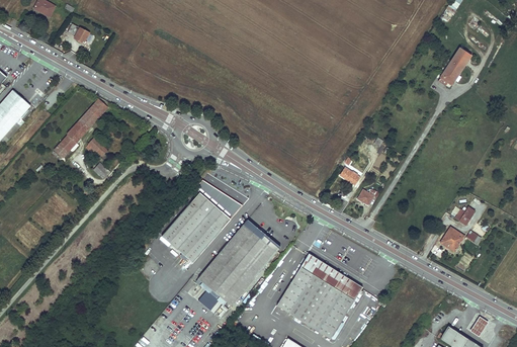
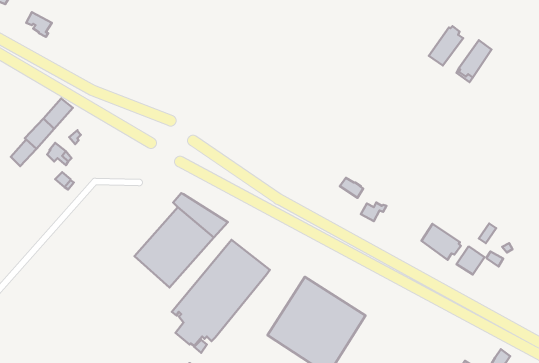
building: none -> [429,26,463,65]
building: none -> [421,224,461,260]

